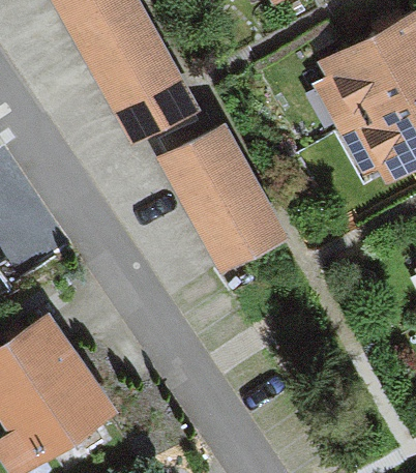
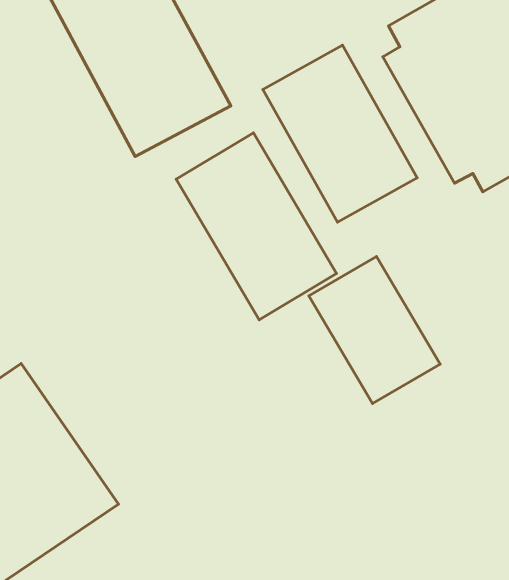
building: none -> [263,45,417,222]
building: none -> [309,256,440,404]

